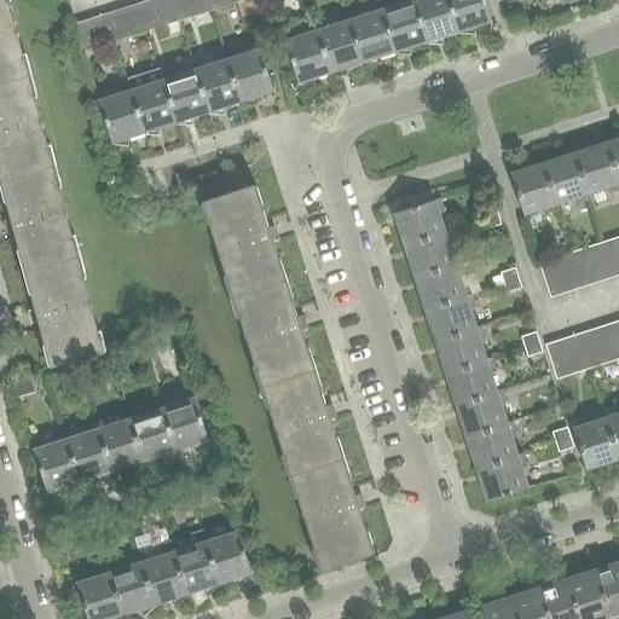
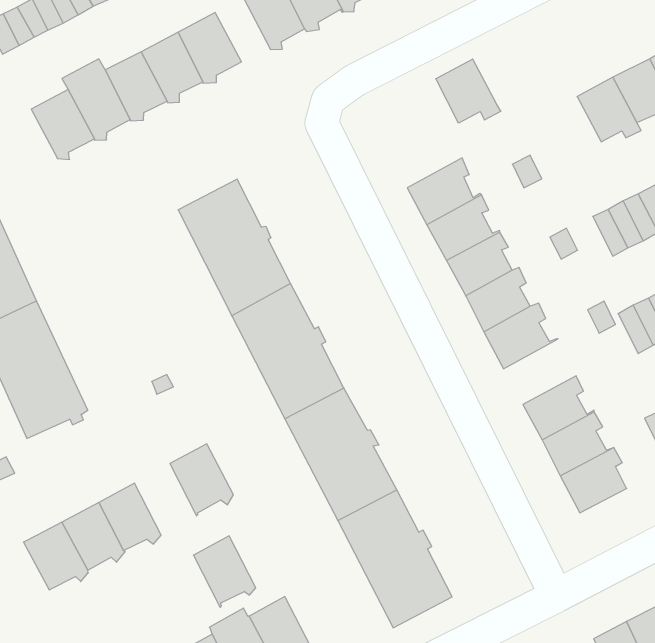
building: [509,163,557,214] -> [436,59,501,123]
building: [445,357,503,405] -> none
building: [131,405,177,462] -> [193,536,256,607]

